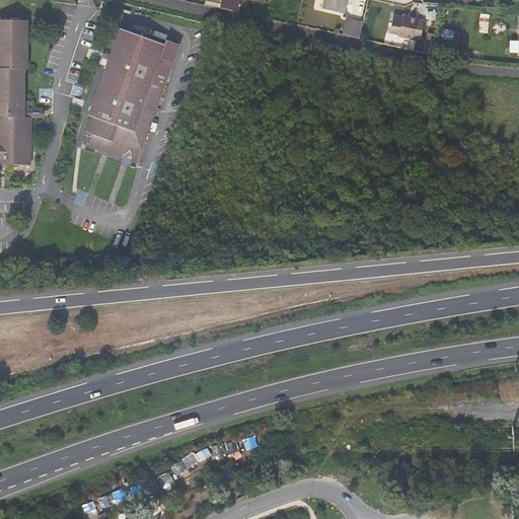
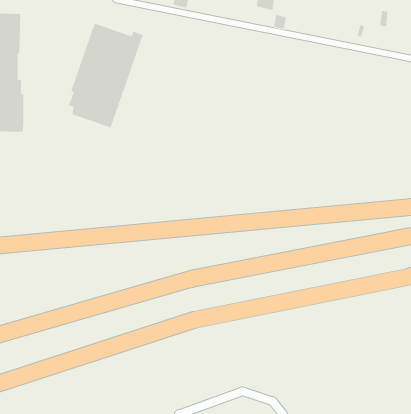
building: [386,14,421,39] -> none

